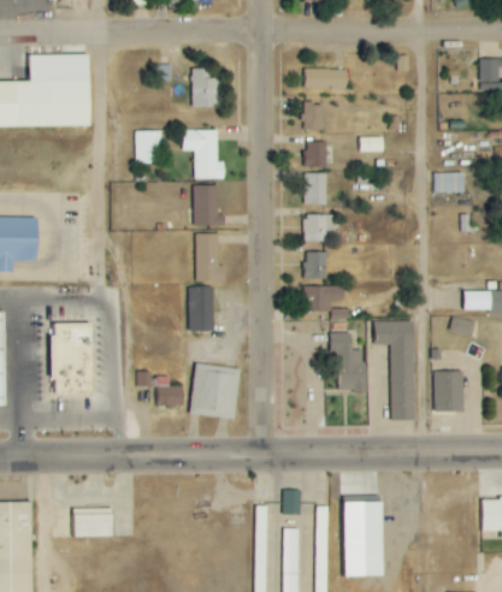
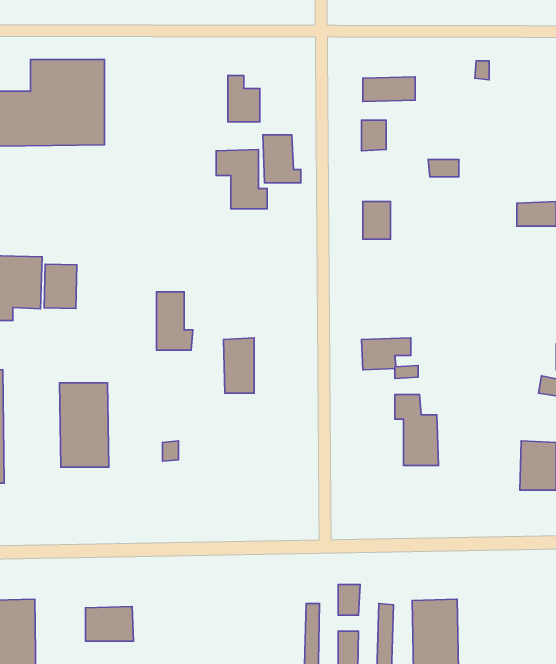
building: [135,131,161,164] -> none
building: [306,141,326,167] -> none
building: [193,185,224,225] -> [263,135,301,183]
building: [302,214,332,241] -> none
building: none -> [44,264,77,308]
building: [195,233,225,282] -> [156,292,193,350]
building: [305,251,326,279] -> none
building: [376,320,415,420] -> none
building: [189,363,240,419] -> none
building: [158,375,184,405] -> none

